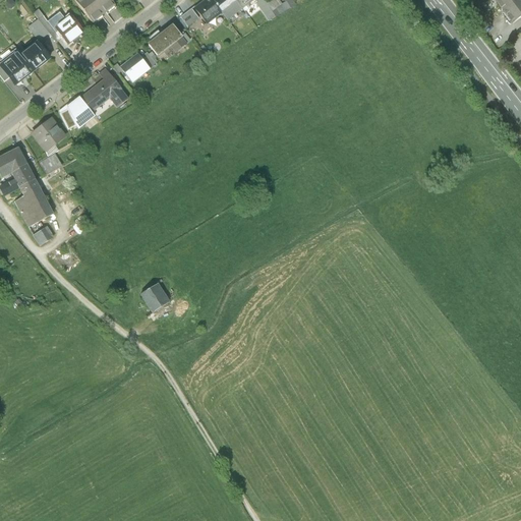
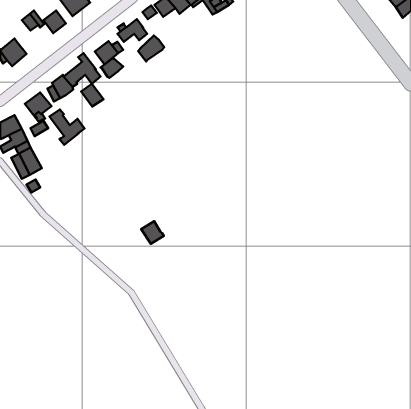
building: [21,41,49,68] -> none
building: none -> [138,36,164,62]
building: none -> [101,58,123,78]
building: none -> [81,84,103,107]
building: none -> [50,110,84,145]
building: [140,282,169,310] -> [141,221,164,244]

